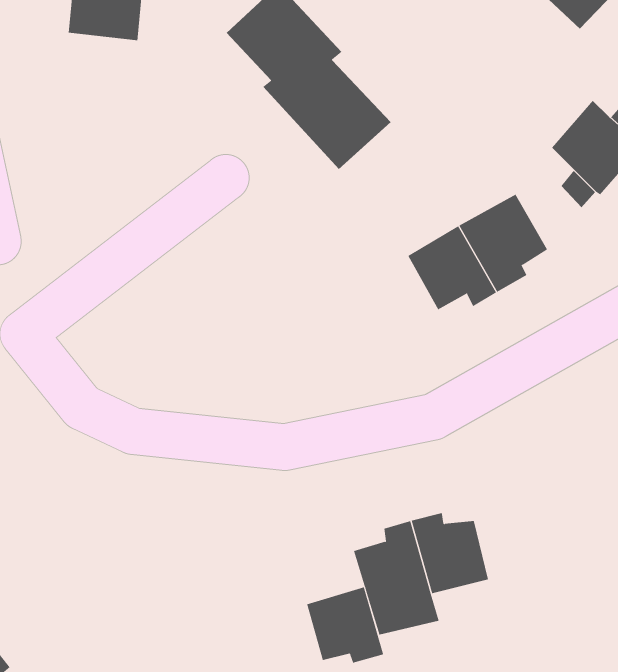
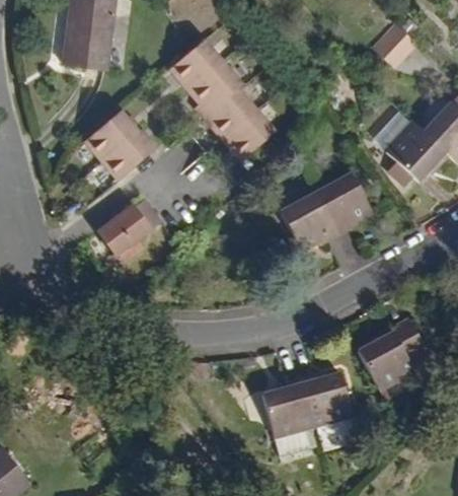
building: none -> [86,112,154,180]
building: none -> [99,199,158,261]
building: none -> [346,318,415,392]
building: [306,586,384,664] -> none

